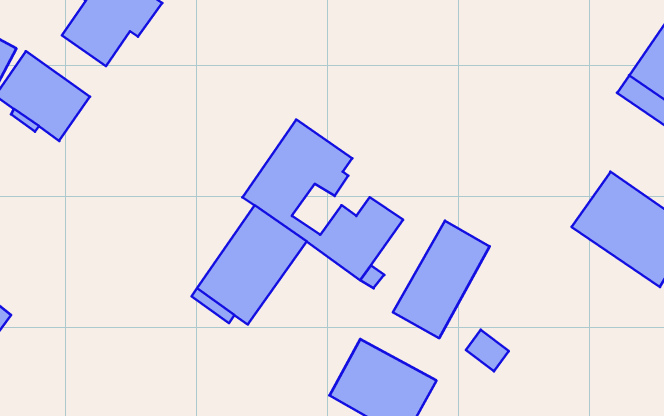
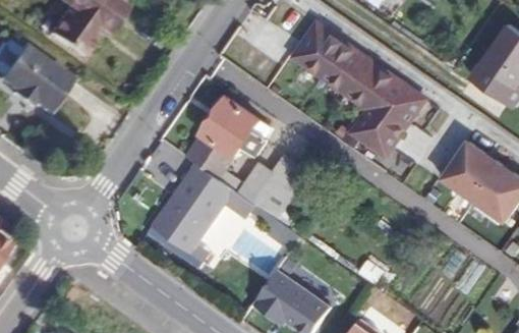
building: none -> [294,23,425,156]
building: [393,221,490,338] -> none

